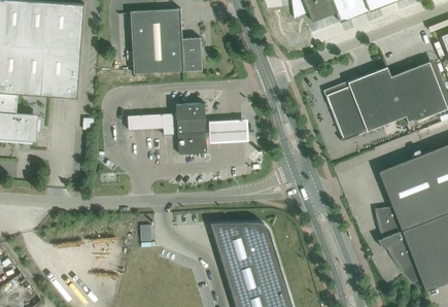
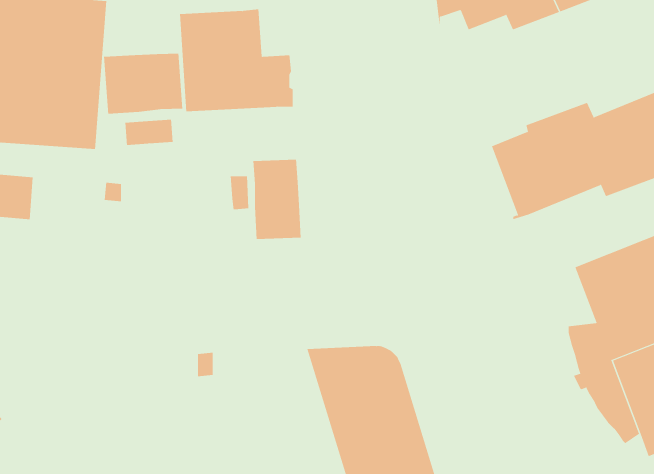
building: none -> [104,53,183,114]
building: [132,113,163,130] -> [124,119,174,145]
building: [209,120,247,141] -> none

